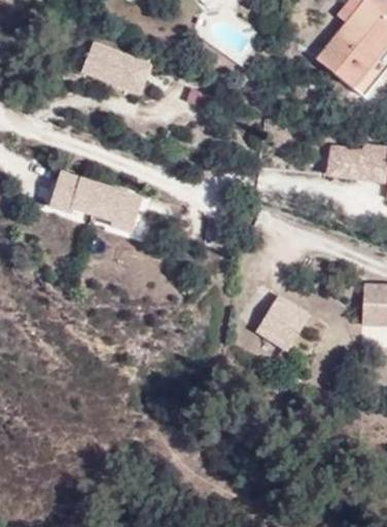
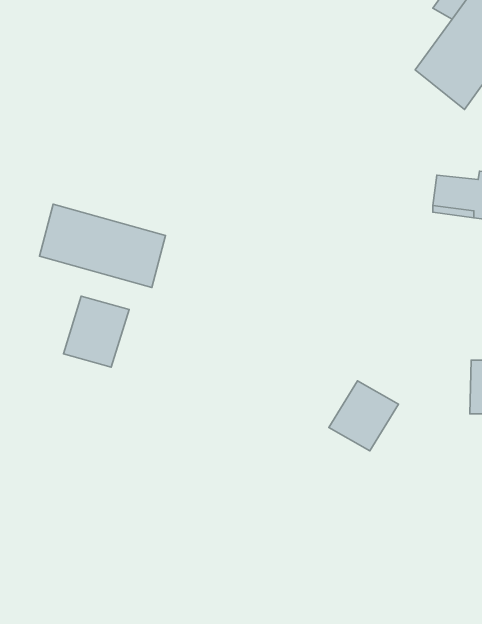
building: [74,38,146,92] -> none
building: none -> [63,296,129,367]

